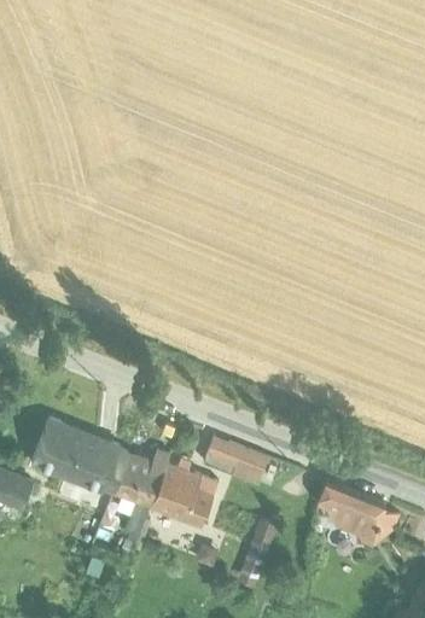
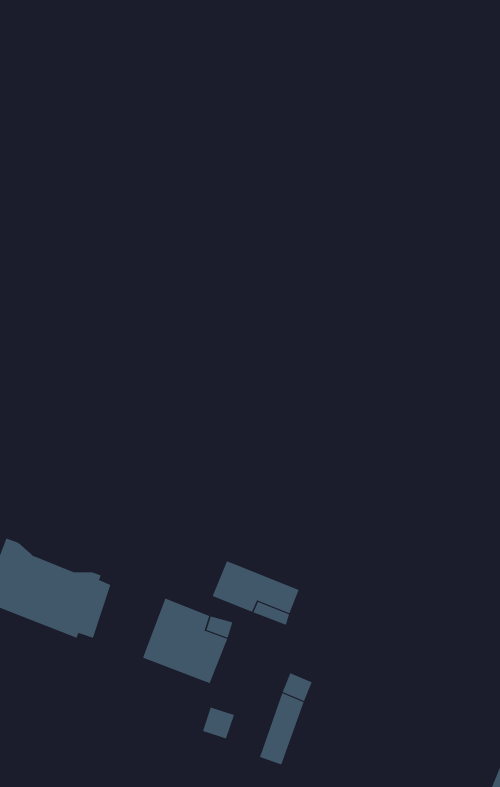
building: [112,449,168,556] -> none
building: [315,478,396,547] -> none

